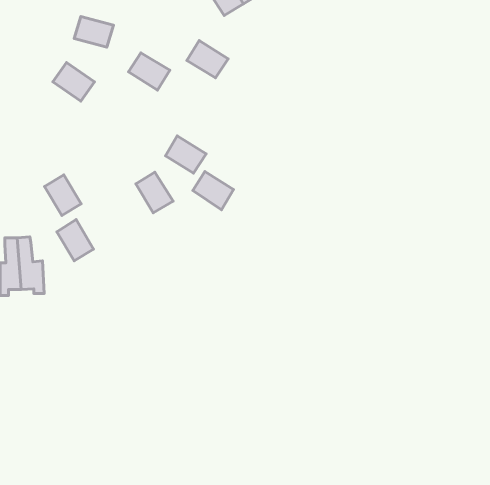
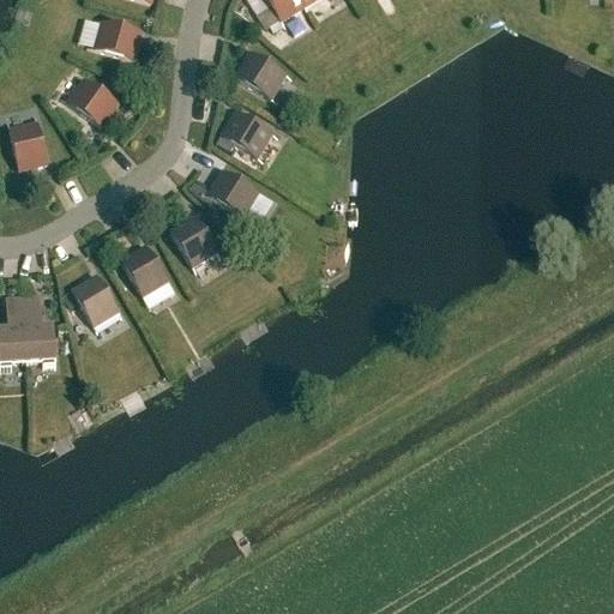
building: [128,53,170,90] -> [222,110,273,157]
building: none -> [11,121,48,169]
building: [193,171,234,210] -> none
building: [45,175,81,215] -> [122,245,168,295]

